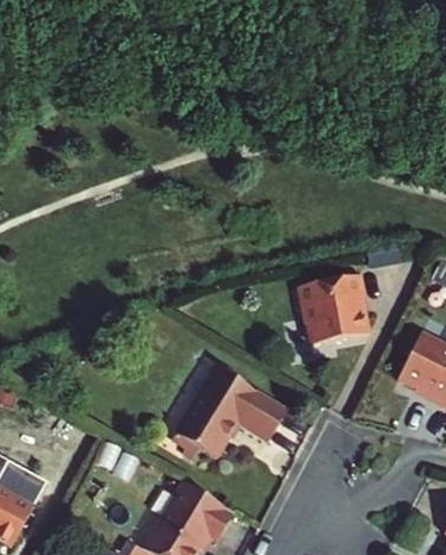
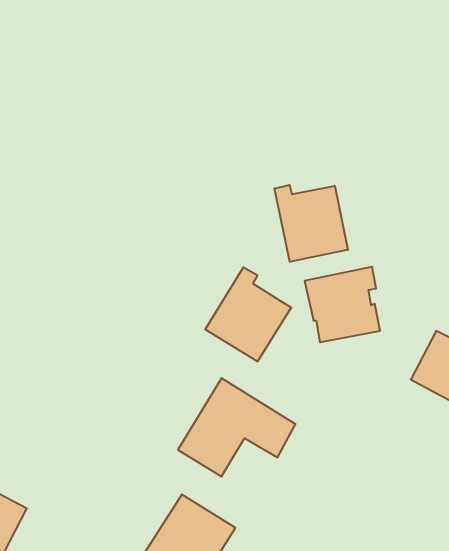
building: none -> [274,185,348,262]
building: none -> [205,267,291,362]

